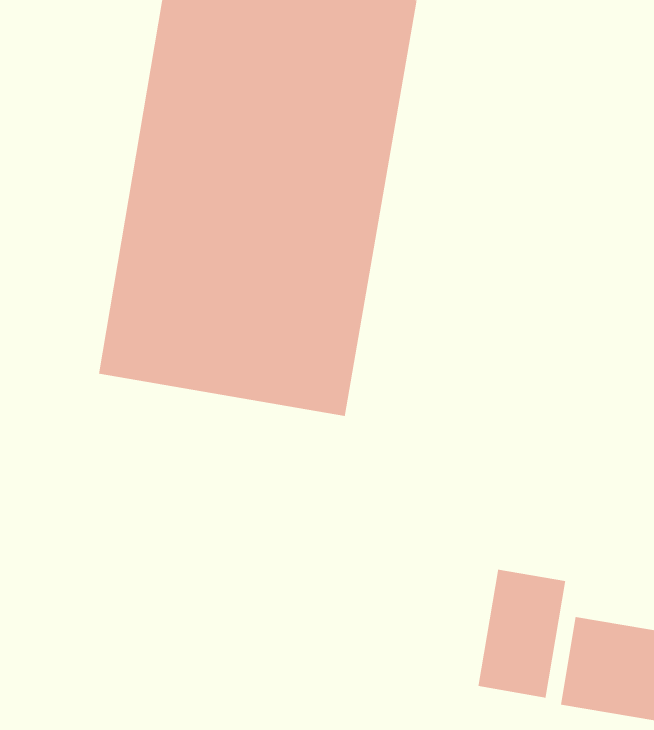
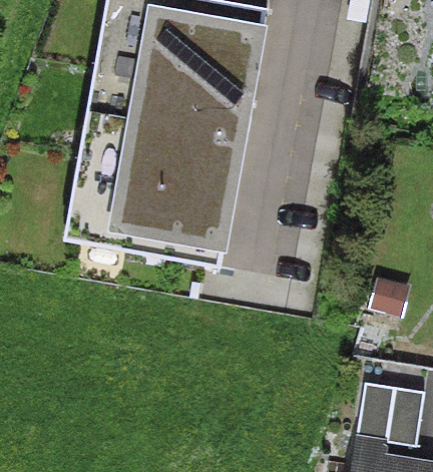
building: [478,569,566,698] -> none

